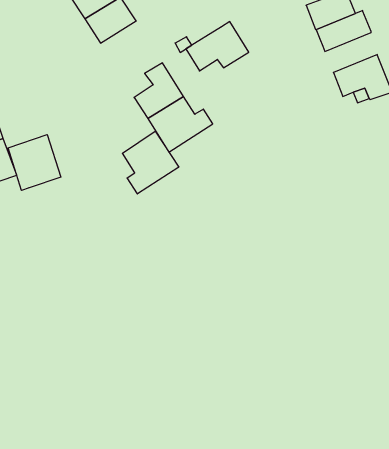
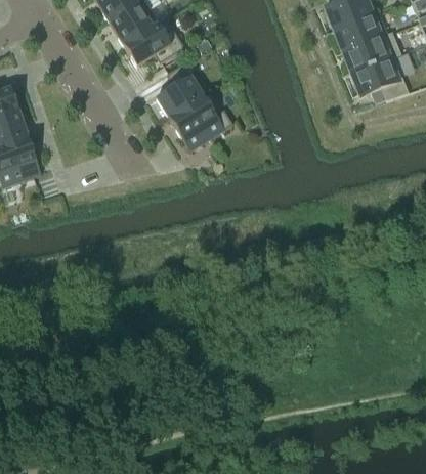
building: [186,22,249,71] -> [123,16,184,64]
building: none -> [342,30,400,72]
building: [122,131,179,194] -> none
building: [8,135,61,190] -> none

